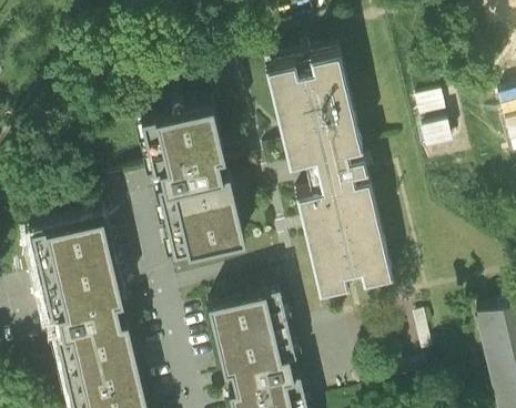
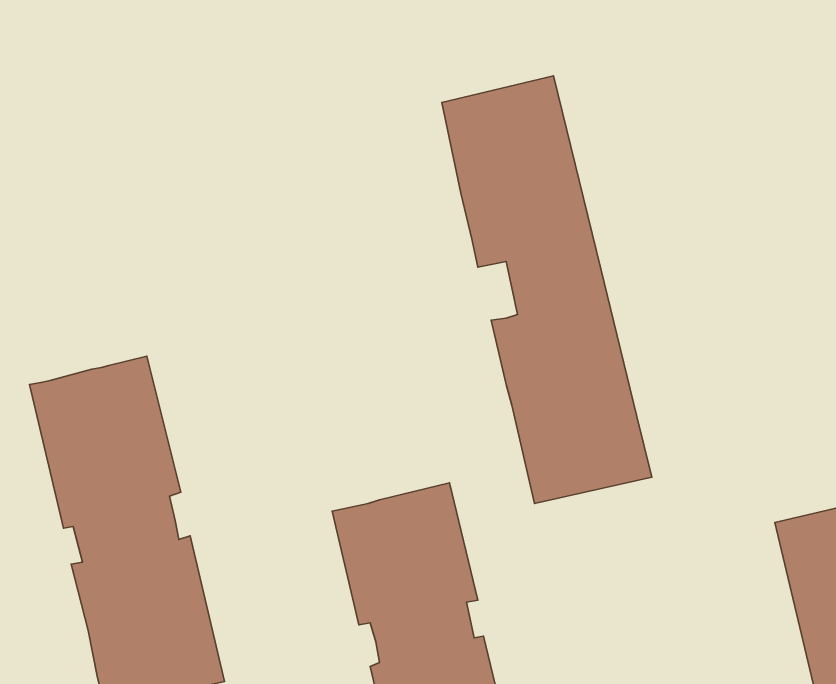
building: [140,98,242,254] -> none

